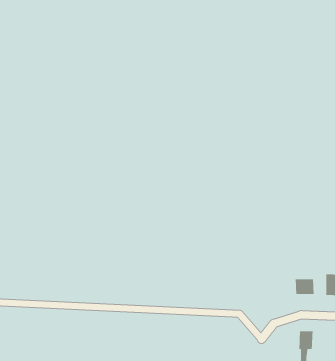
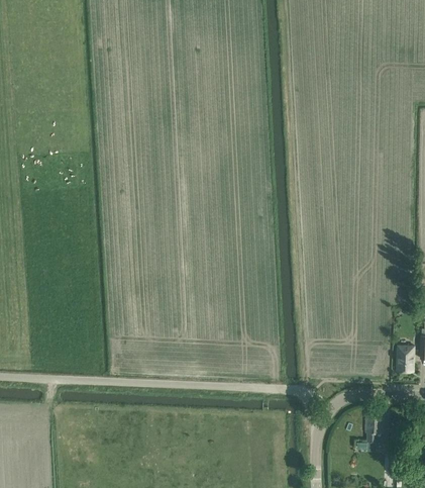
building: [295,279,315,295] -> none

